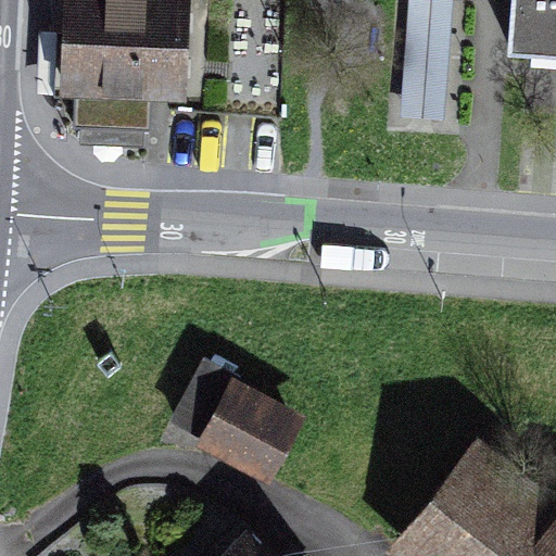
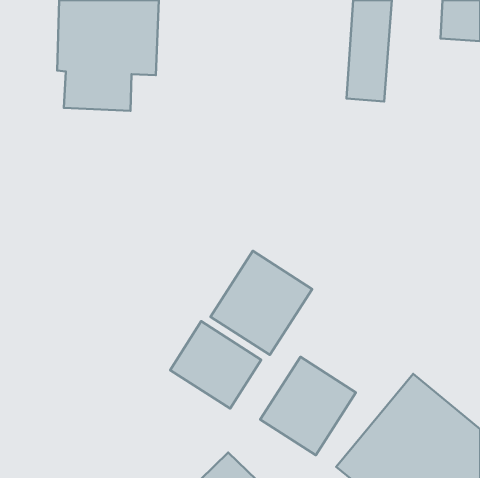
building: none -> [210,251,312,355]
building: none -> [260,357,356,455]

